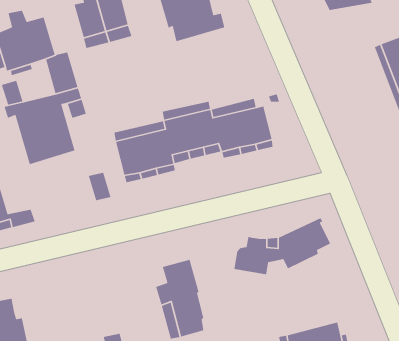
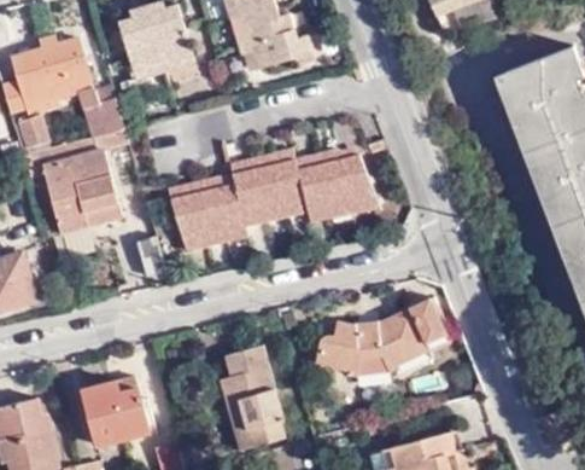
building: none -> [81,376,154,448]

